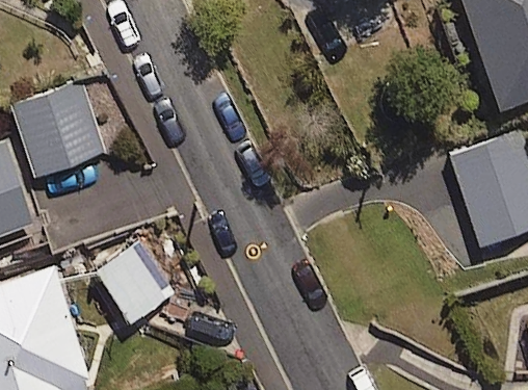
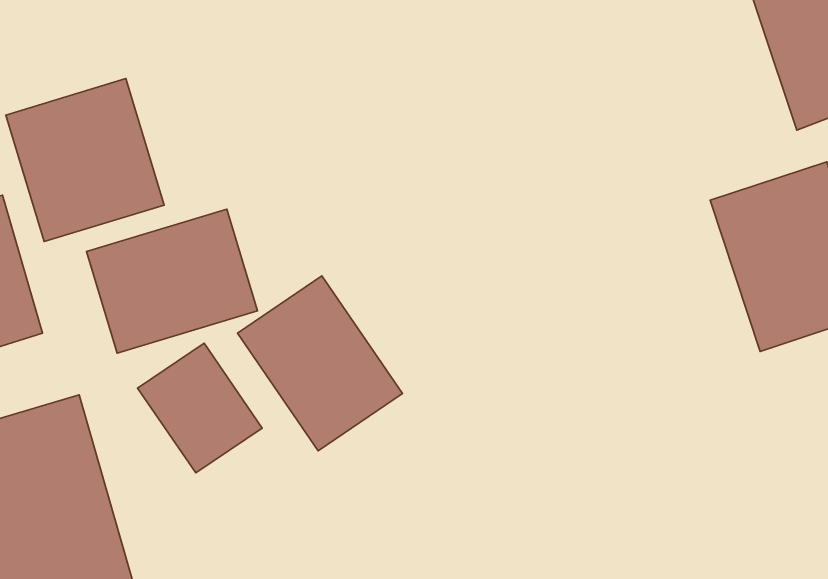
building: none -> [86,209,258,353]
building: none -> [238,276,402,451]

